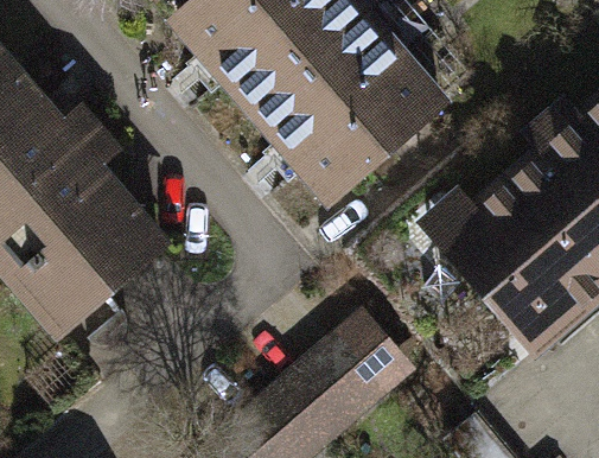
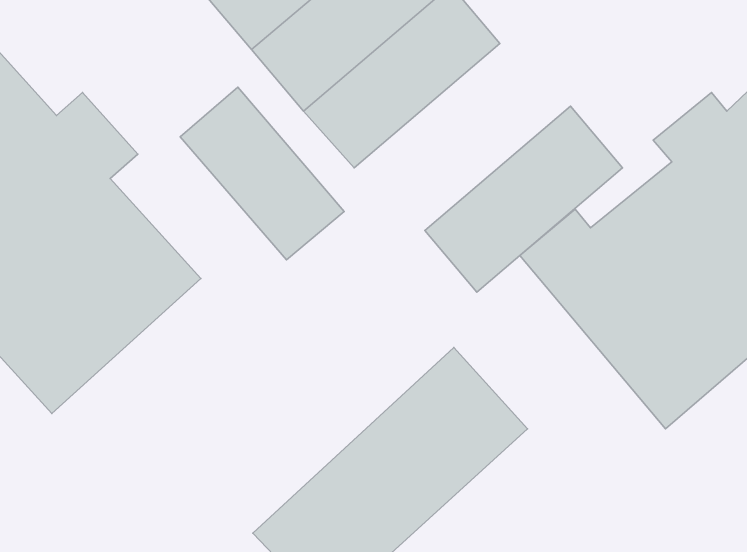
building: [288,59,441,203] -> [425,106,623,292]
building: none -> [180,87,344,260]

